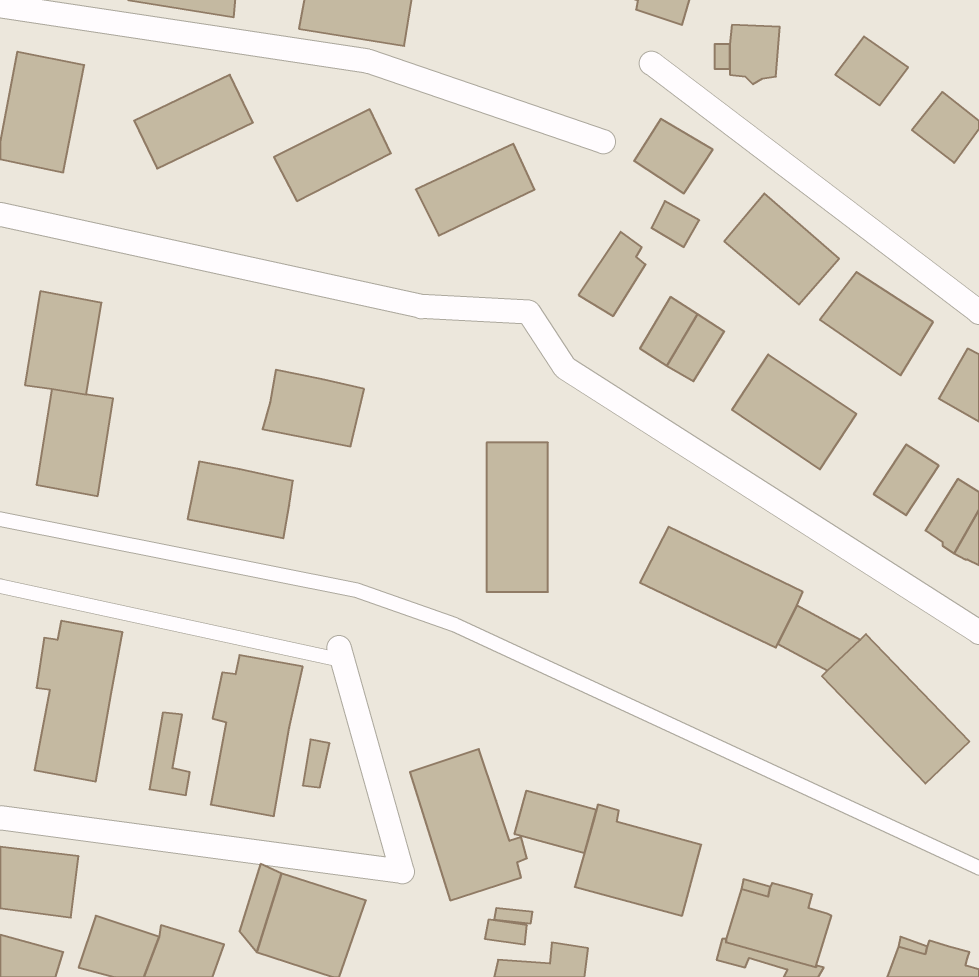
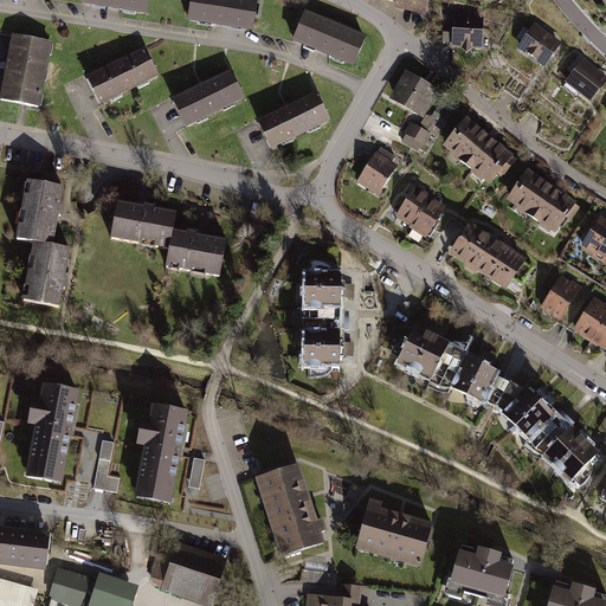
building: none -> [290,9,365,66]
building: [188,462,293,538] -> [108,201,173,249]
building: [515,791,596,853] -> none

